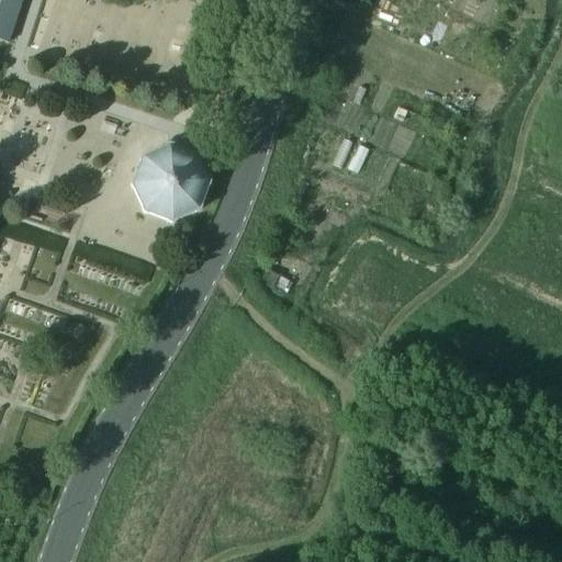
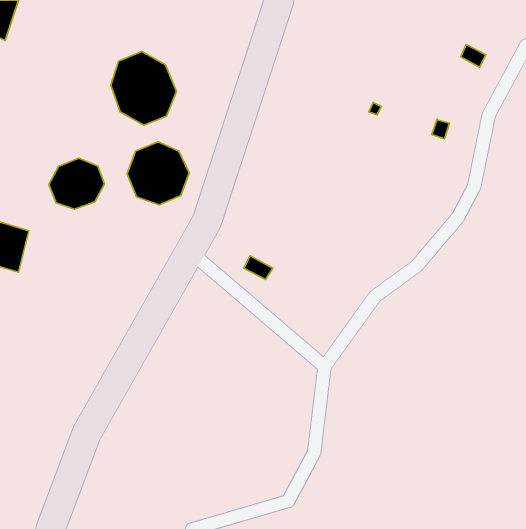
building: none -> [111,52,176,125]
building: none -> [49,158,105,209]

